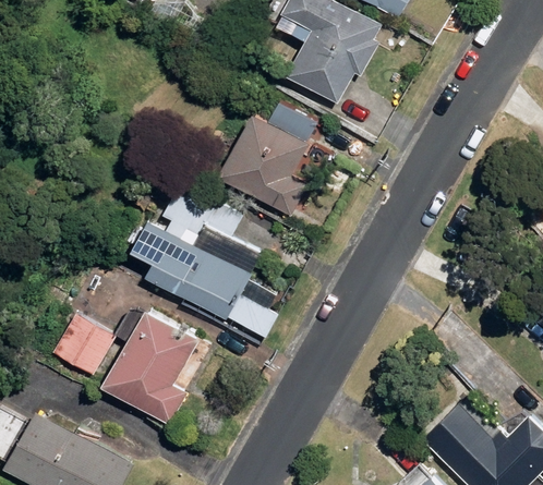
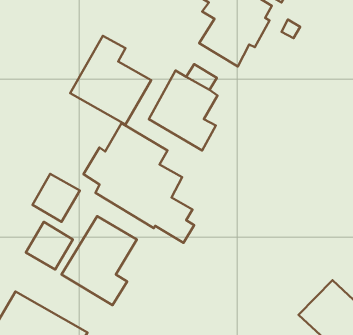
building: none -> [70,36,151,124]
building: none -> [32,174,80,222]

